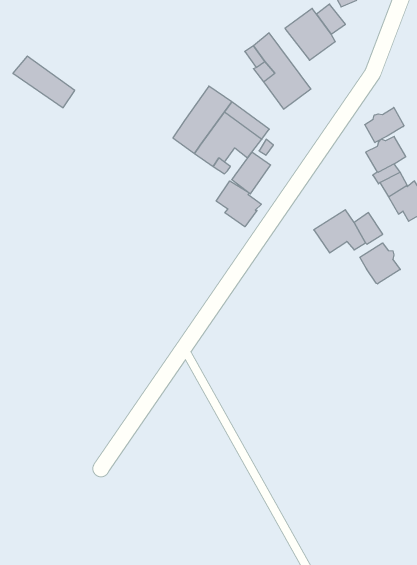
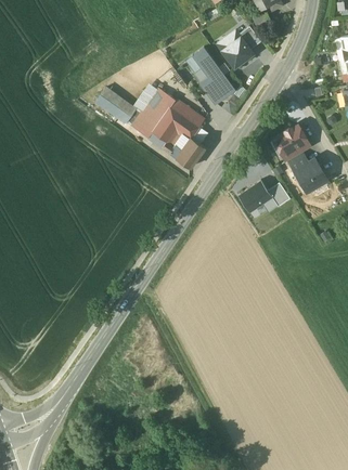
building: [13,56,75,108] -> [94,87,141,126]
building: [365,107,404,143] -> none
building: [216,181,261,227] -> none
building: [360,243,400,284] -> none

